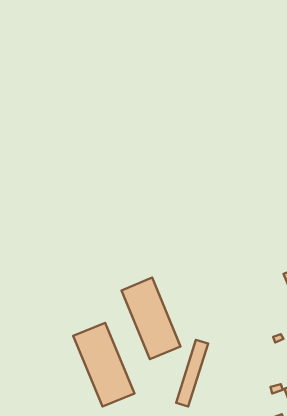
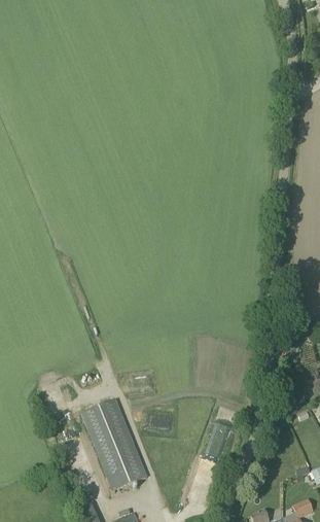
building: [121,278,181,359] -> none

